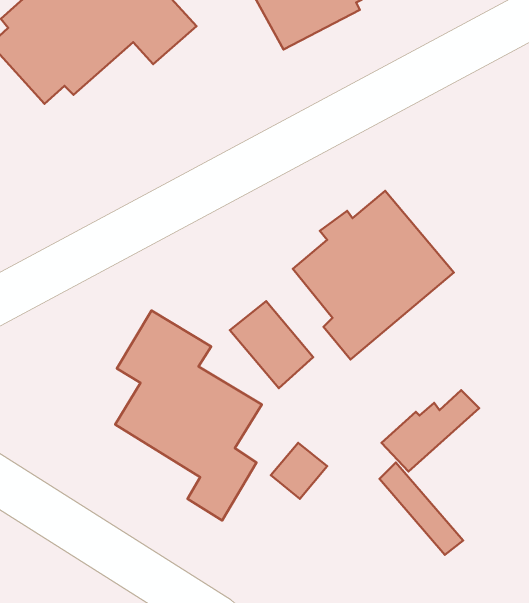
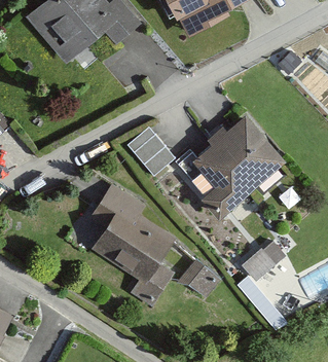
building: [230,301,313,388] -> [127,129,175,178]

